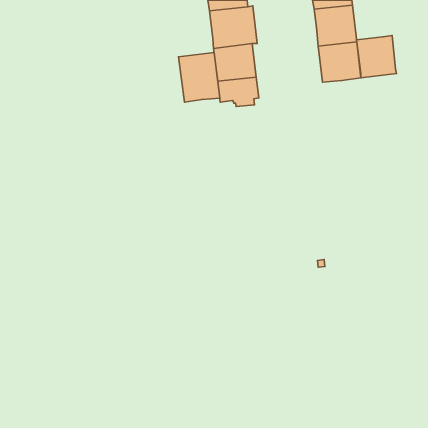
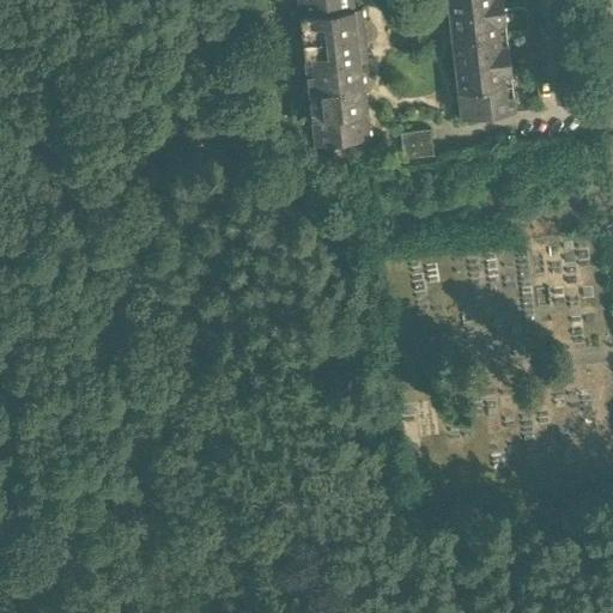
building: [357,35,397,78] -> none
building: [179,52,220,102] -> none
building: none -> [401,129,435,158]

